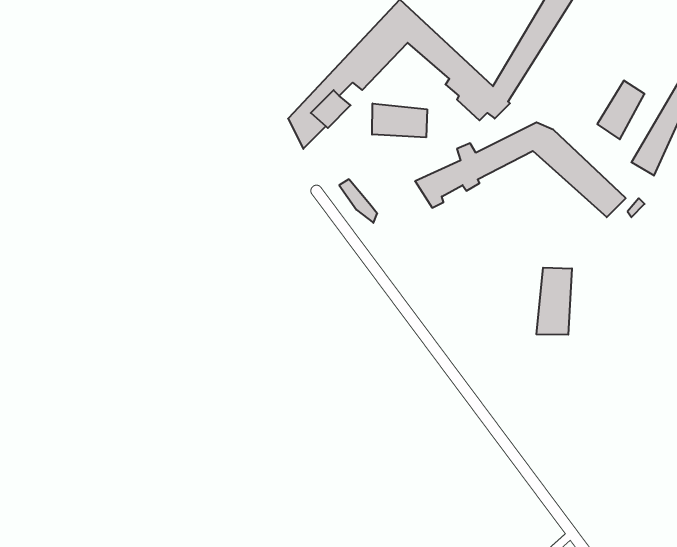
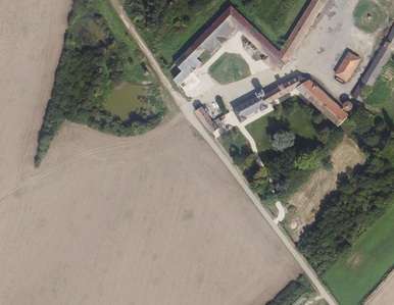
building: [372,103,427,137] -> none
building: [536,268,572,335] -> none

